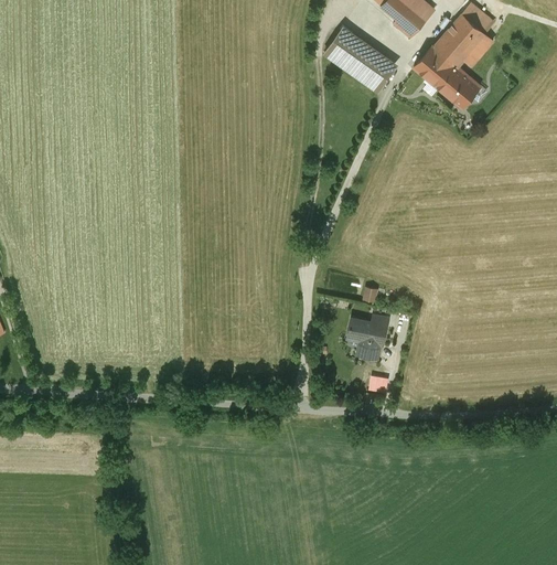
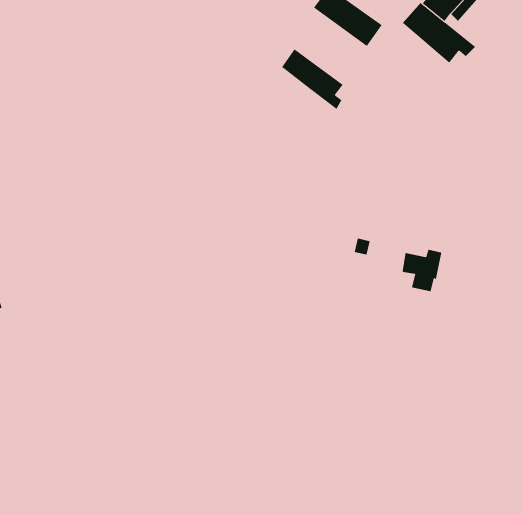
building: none -> [281,49,344,110]
building: [347,315,388,358] -> [401,249,442,292]

